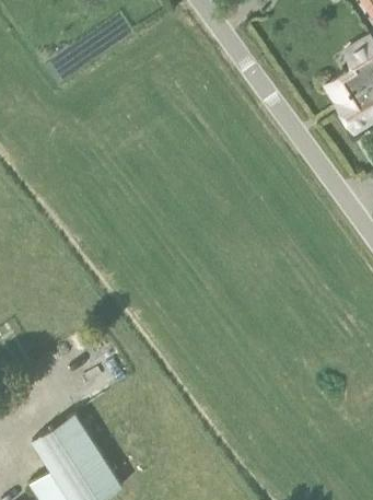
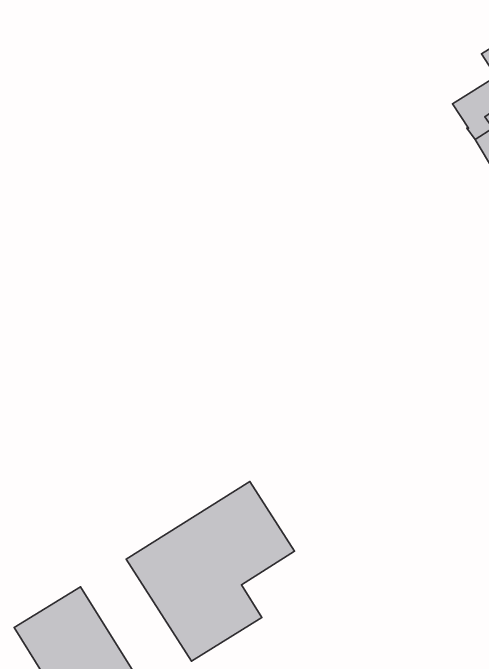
building: none -> [126,482,295,661]

